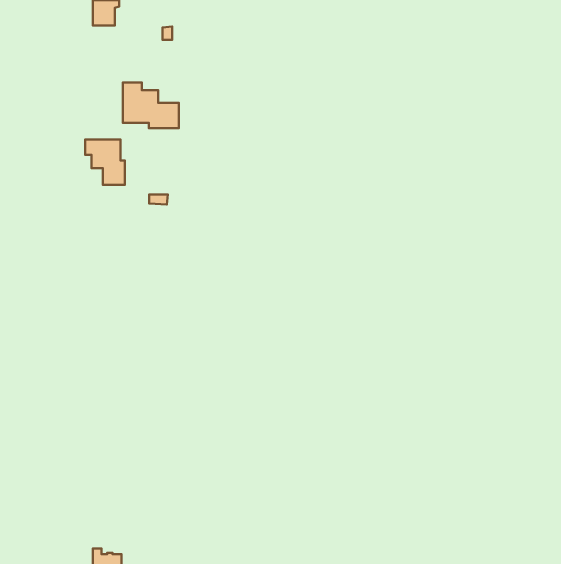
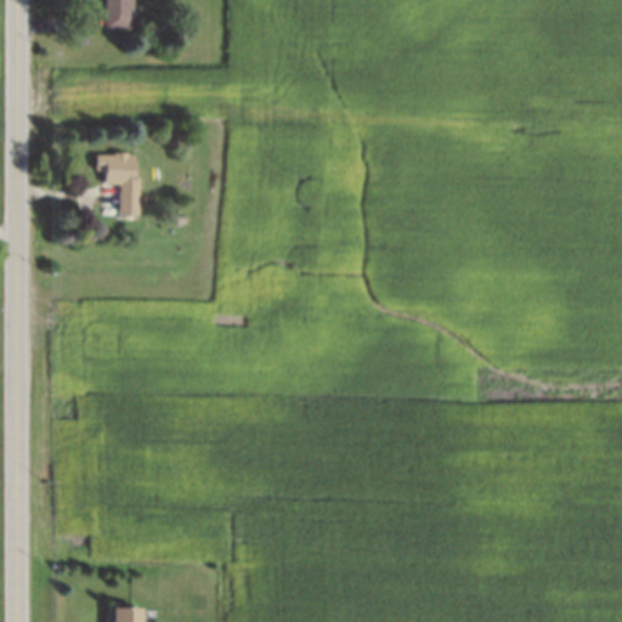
building: [123,83,179,128] -> none

